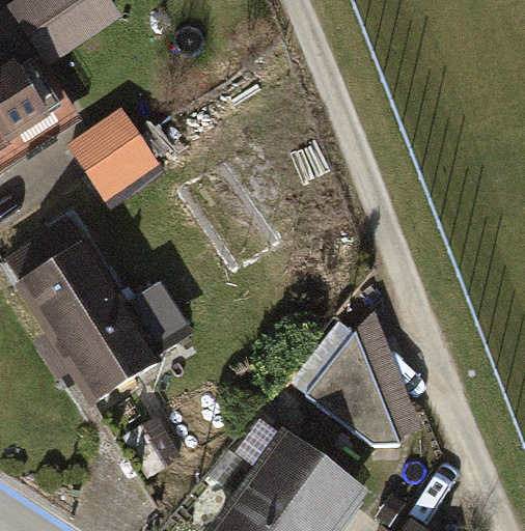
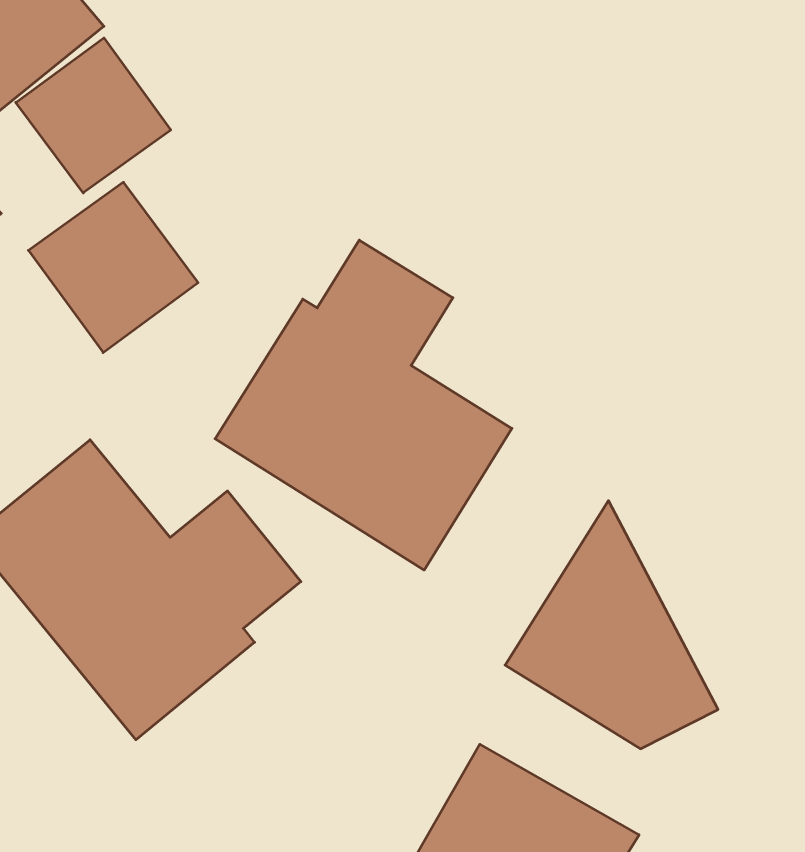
building: none -> [16,38,171,193]
building: none -> [215,240,512,570]

